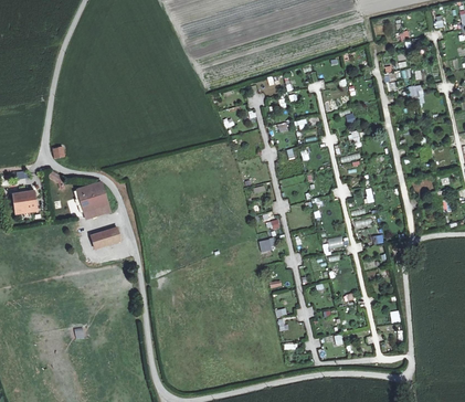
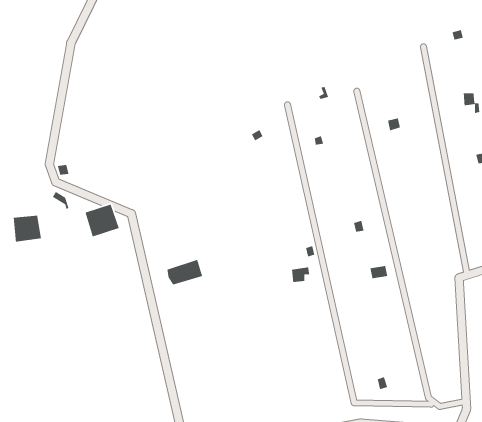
building: [87,226,119,250] -> [166,259,203,285]

